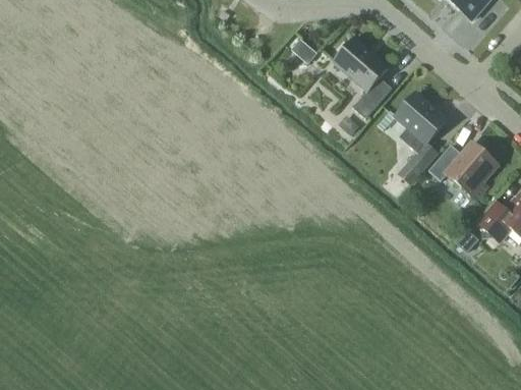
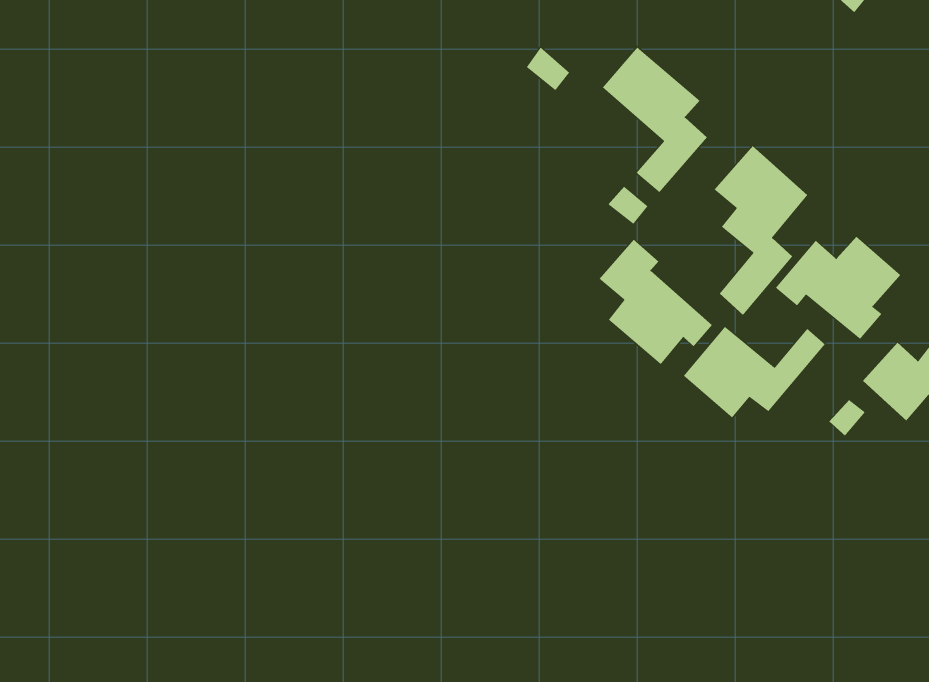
building: none -> [598,239,713,365]
building: none -> [683,326,826,418]

